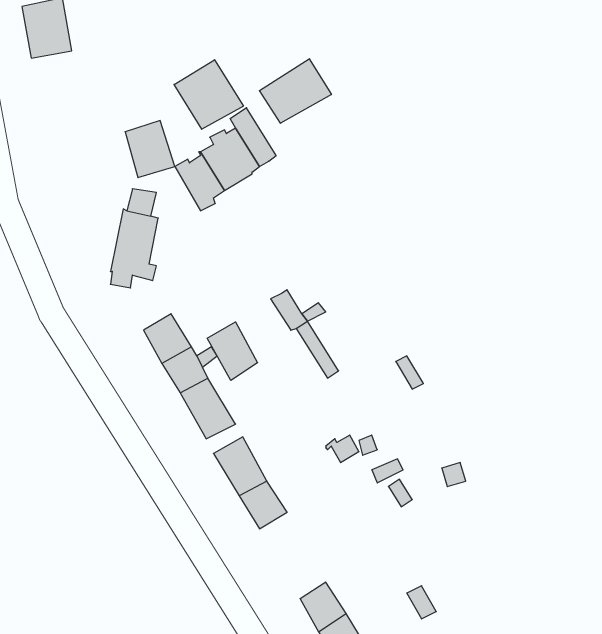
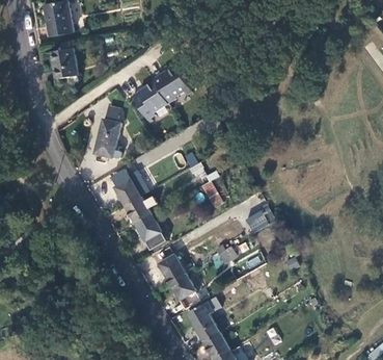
building: [259,59,331,123] -> none
building: [174,60,243,129] -> none
building: [125,121,175,178] -> [55,45,83,77]
building: [207,322,258,380] -> none
building: none -> [187,302,217,339]

